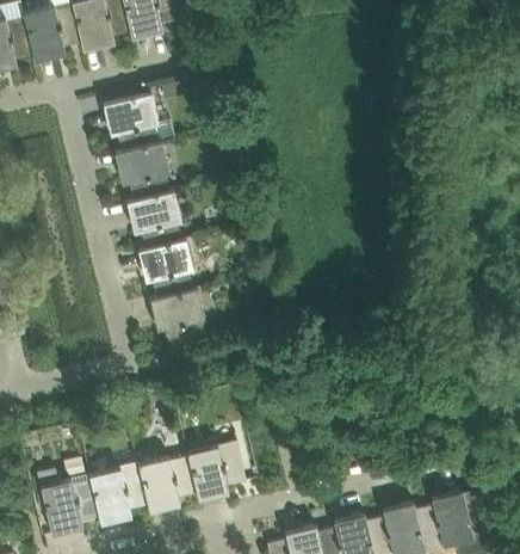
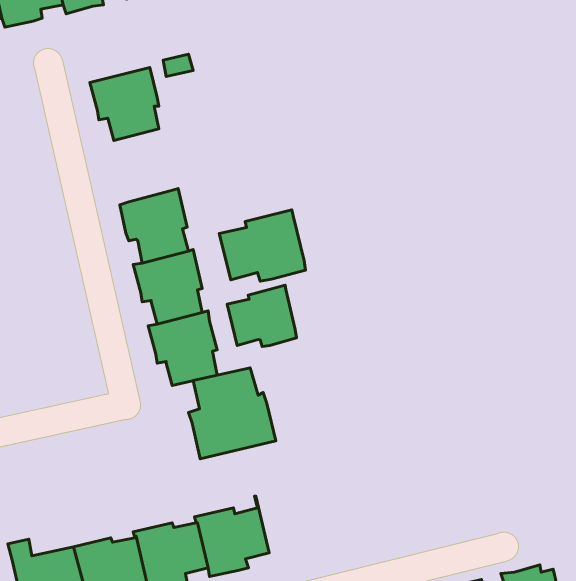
building: [114,142,169,201] -> none
building: none -> [219,210,305,281]
building: none -> [227,285,297,346]
building: none -> [189,368,276,459]

